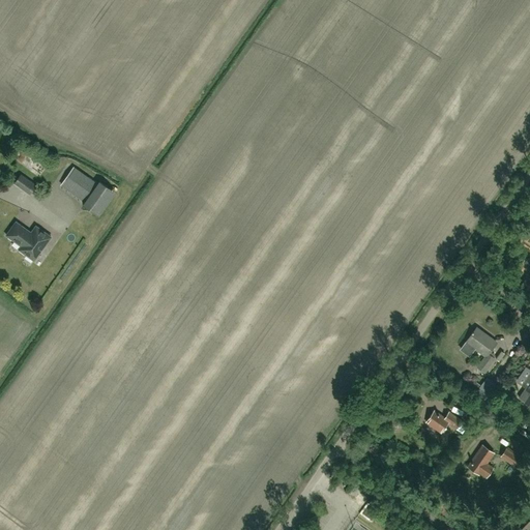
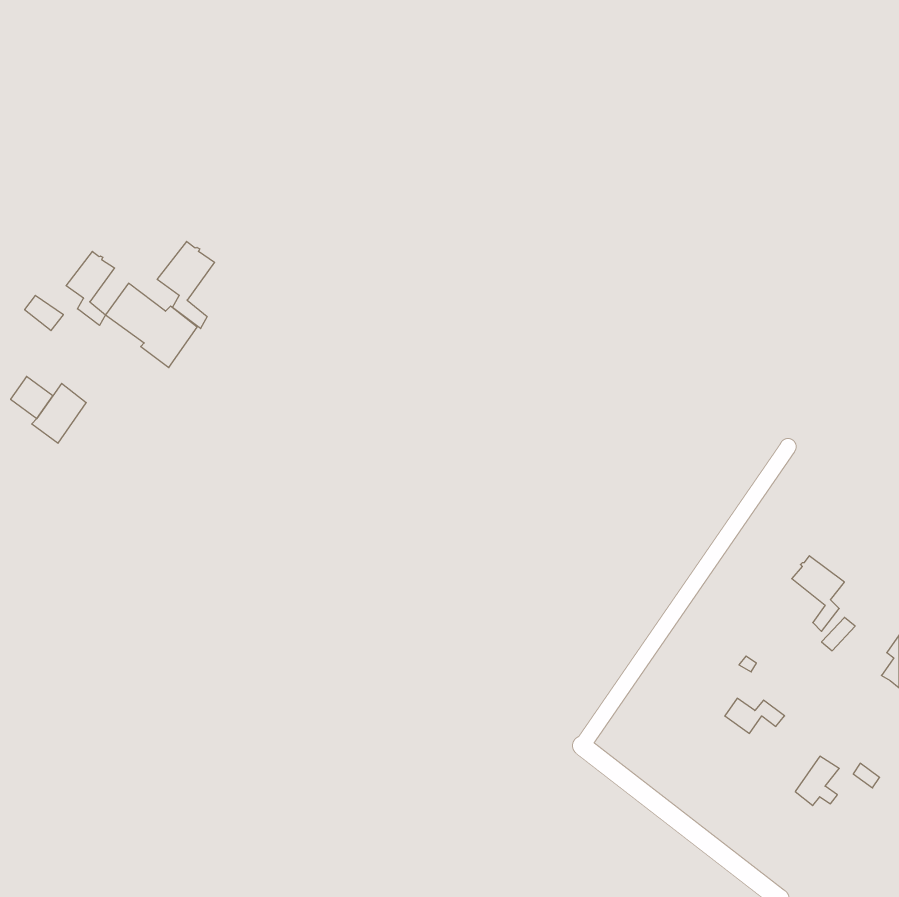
building: none -> [157,241,215,329]
building: none -> [66,251,115,325]

